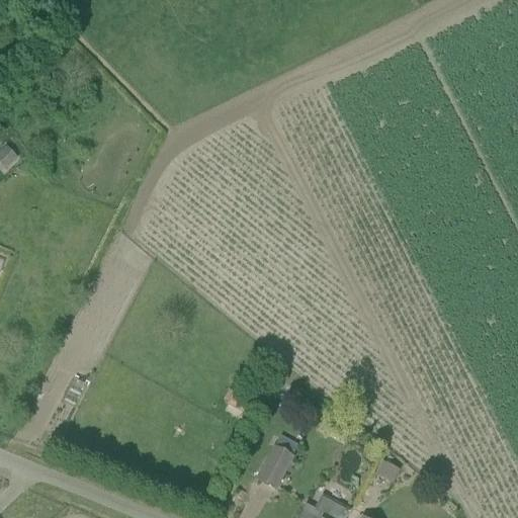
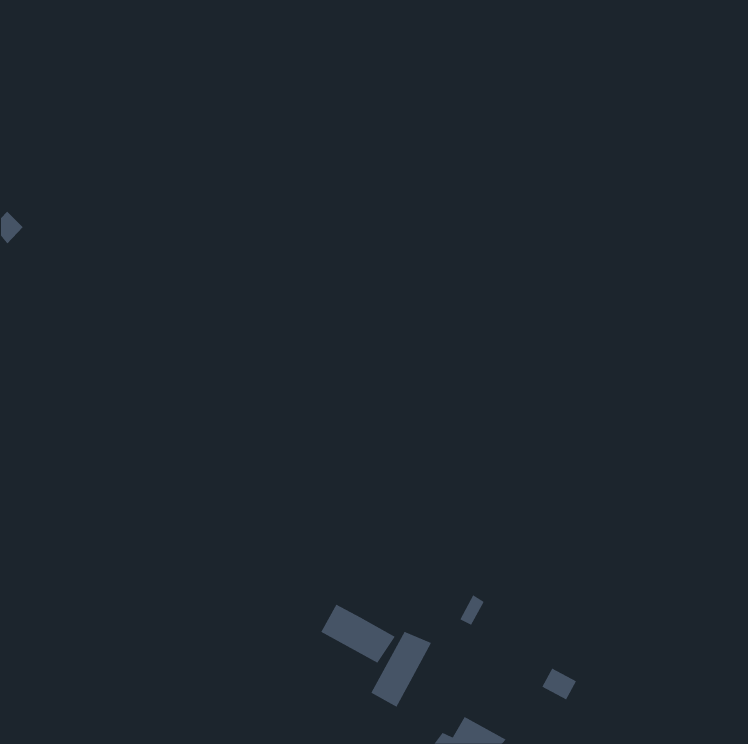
building: none -> [321,604,396,663]

